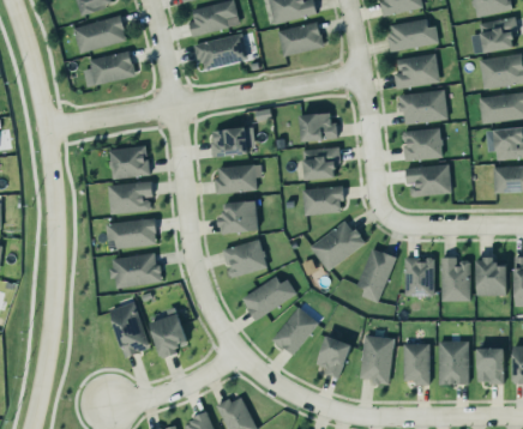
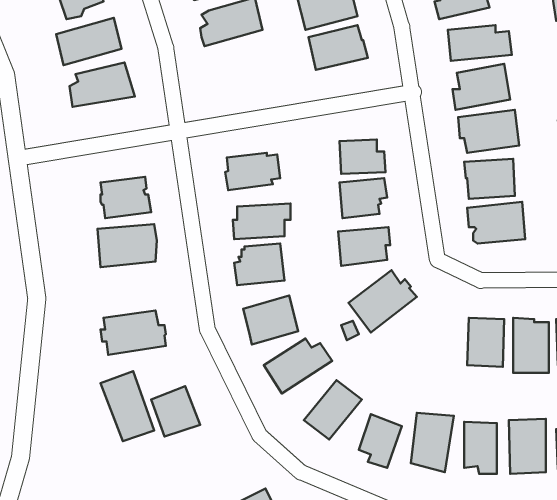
building: [193,34,245,71] -> none
building: [103,216,155,248] -> none
building: [354,247,396,302] -> none

